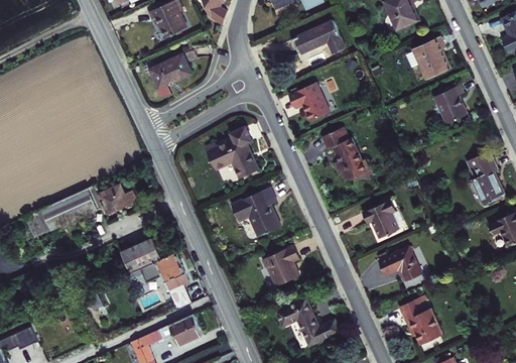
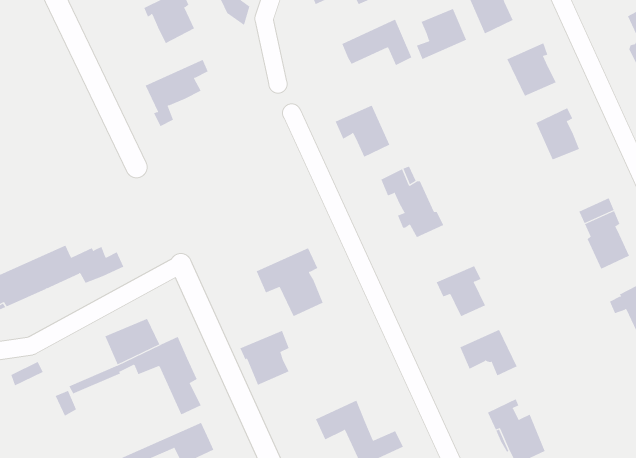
building: none -> [416,8,467,60]
building: [209,126,258,176] -> none
building: [262,245,298,285] -> [240,330,290,386]

